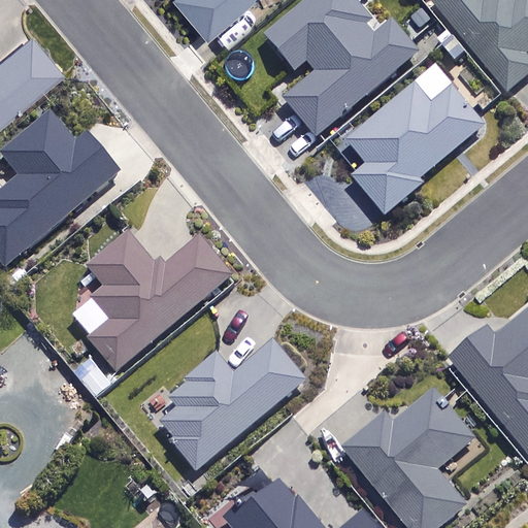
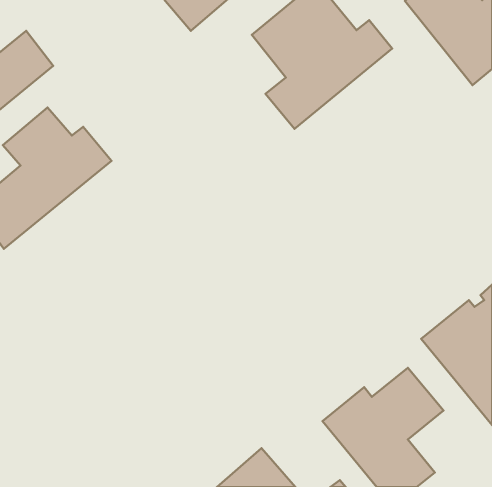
building: [348,82,485,216] -> none
building: [88,232,230,370] -> none
building: [158,339,306,468] -> none

